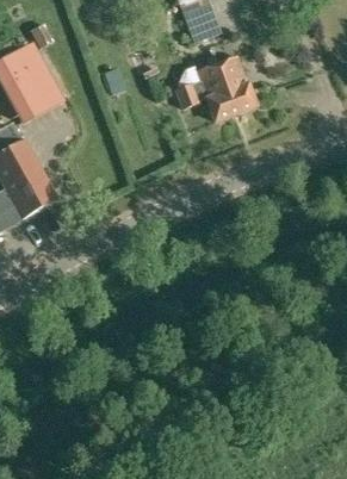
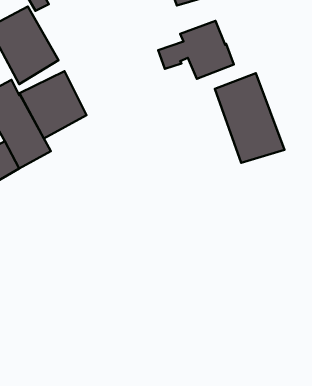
building: none -> [20,71,86,138]
building: none -> [215,73,285,163]

